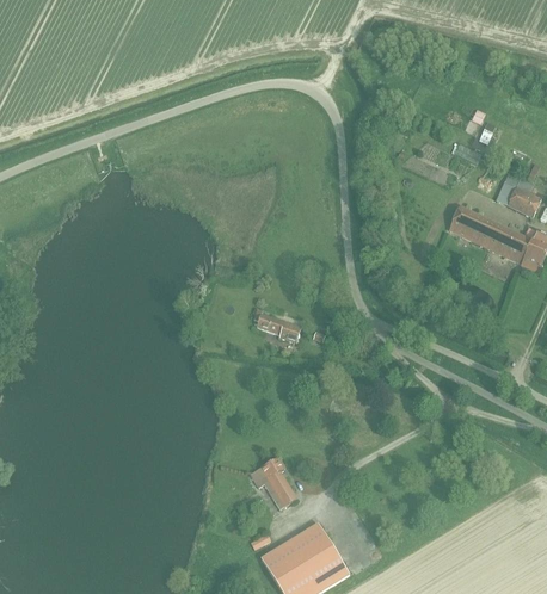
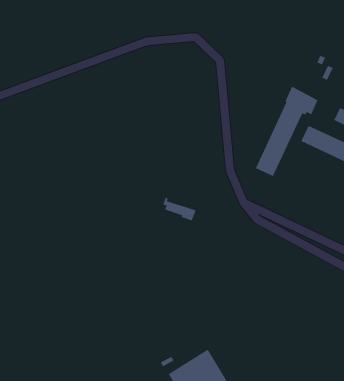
building: none -> [255,86,318,177]
building: [250,457,296,508] -> none

